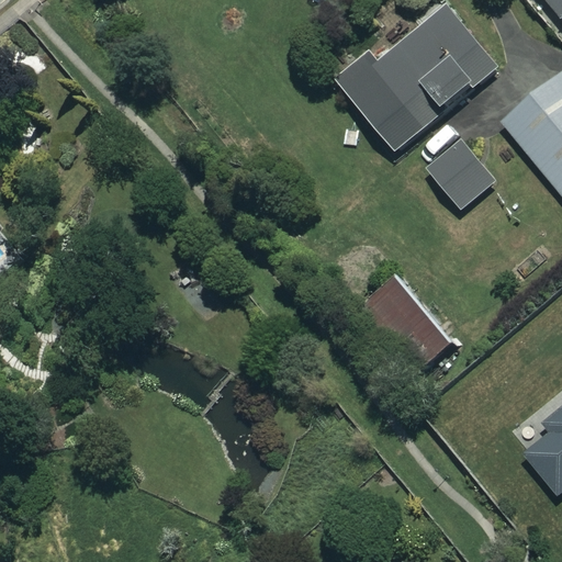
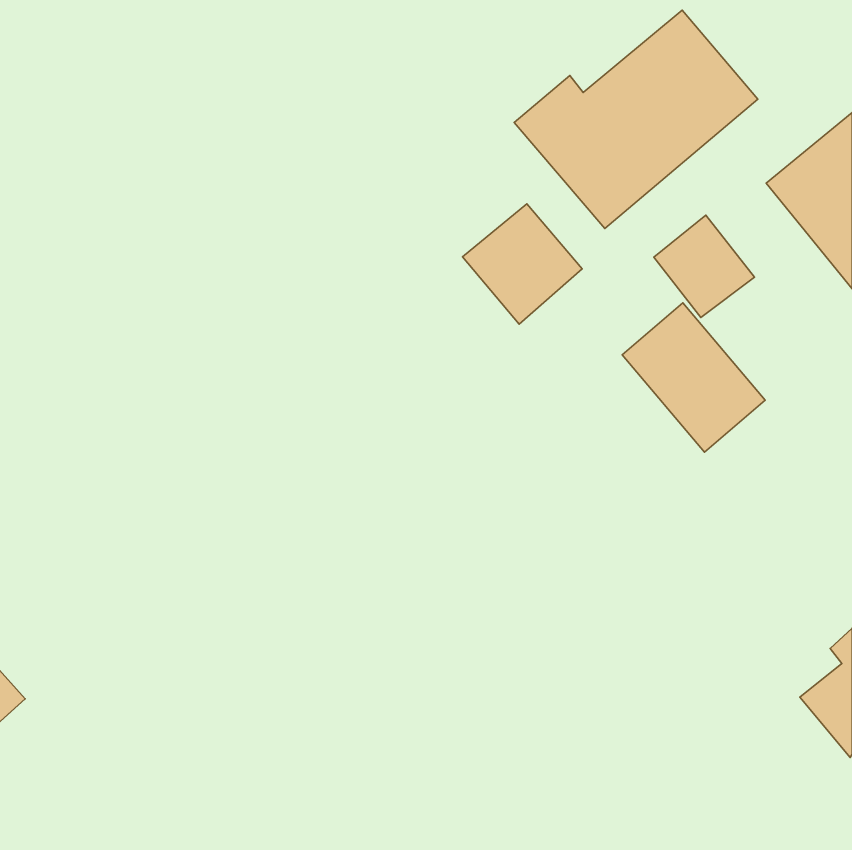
building: none -> [462,204,582,324]
building: [357,278,450,375] -> [622,303,765,452]

